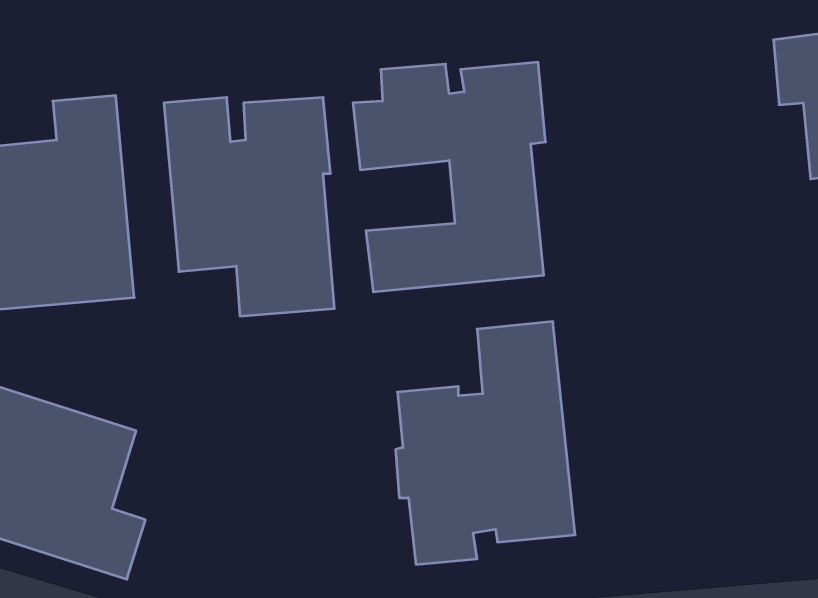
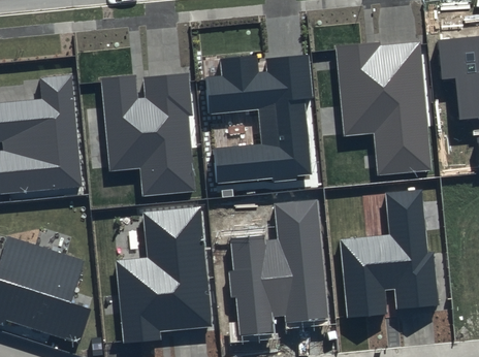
building: none -> [334,41,434,177]
building: none -> [340,190,439,319]
building: none -> [116,207,212,343]

